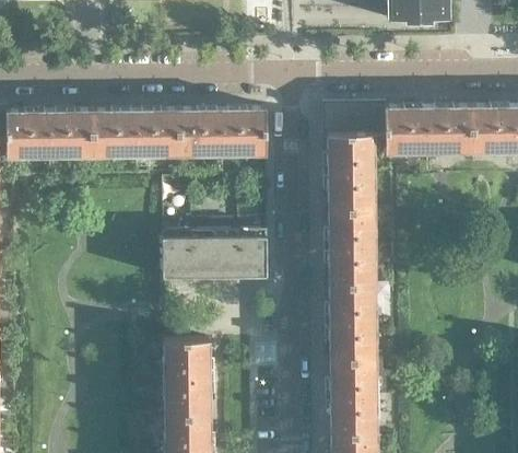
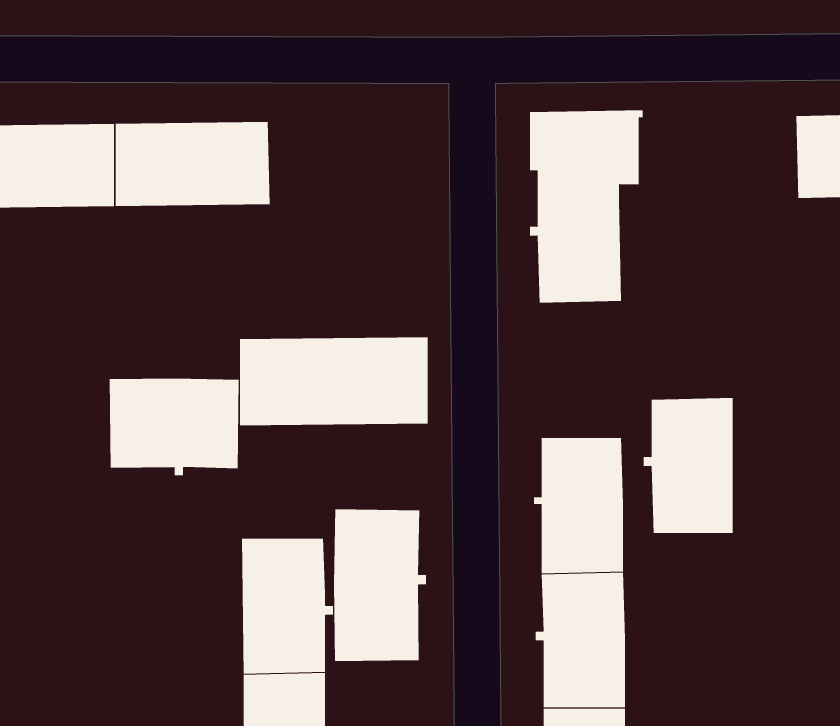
building: [385,108,472,155] -> none
building: [179,111,267,158] -> none
building: [325,211,375,287] -> [643,397,734,534]
building: none -> [109,378,239,476]
building: none -> [334,508,427,662]

